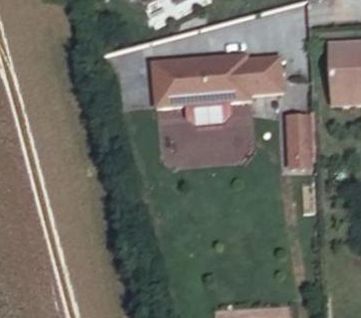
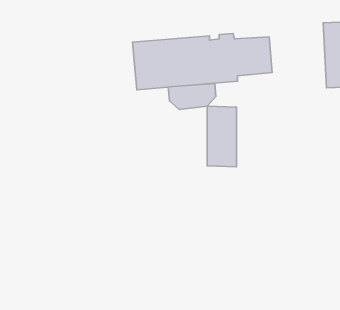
building: [287,114,314,170] -> [207,106,237,167]

